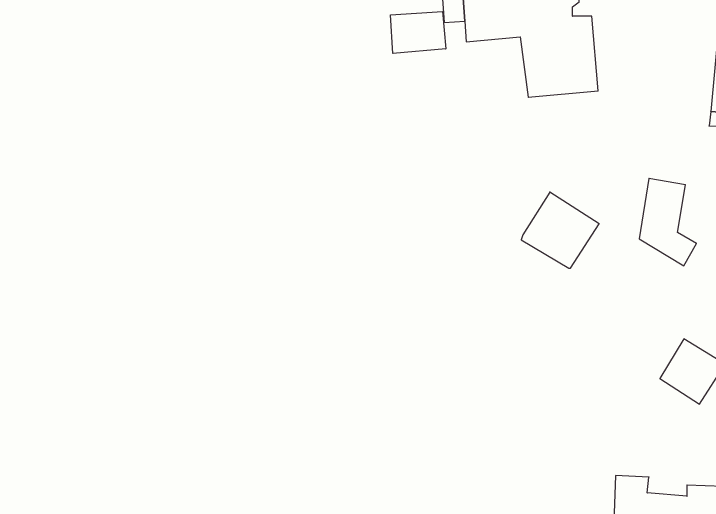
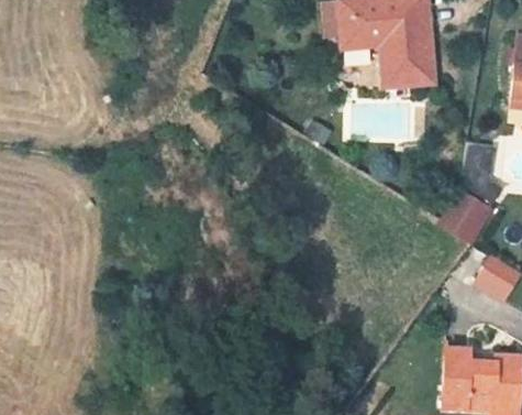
building: [391,12,446,53] -> none
building: [521,192,599,268] -> [438,188,492,241]

